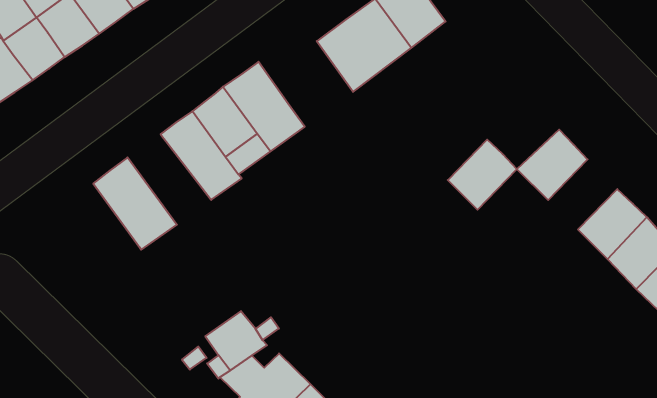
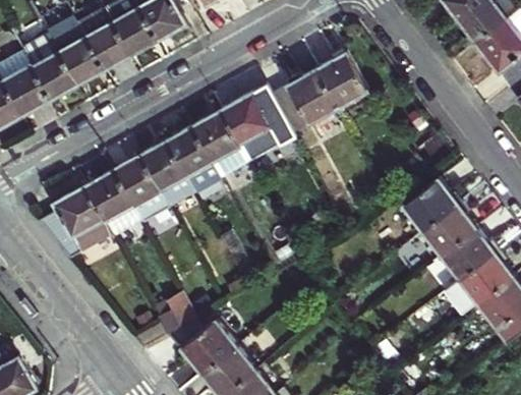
building: none -> [221,82,288,157]
building: none -> [116,150,174,218]
building: [448,140,517,210] -> [422,206,474,257]
building: none -> [42,180,117,257]

